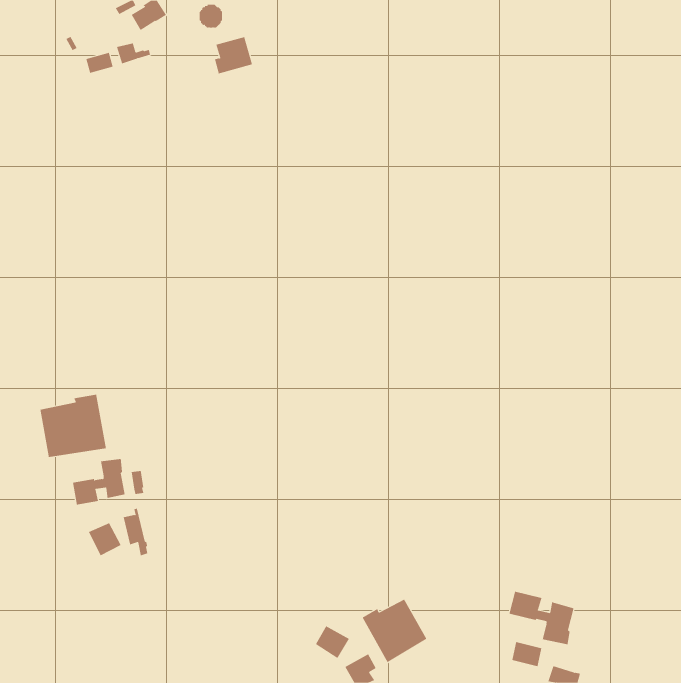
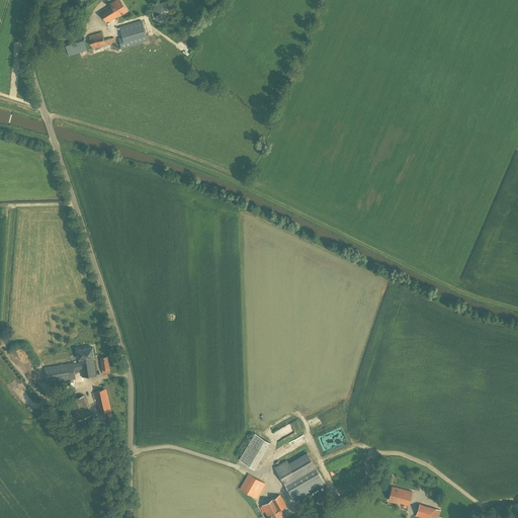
building: [214,37,253,74] -> [117,20,147,49]
building: [40,394,106,458] -> none
building: none -> [238,433,270,468]
building: [509,591,574,645] -> none

